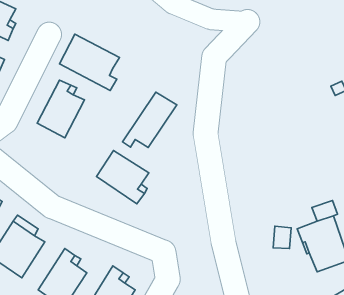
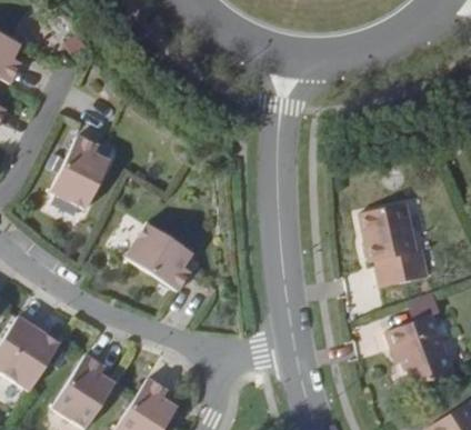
building: [60,34,119,90] -> none
building: [122,92,177,148] -> none
building: none -> [360,192,439,276]

